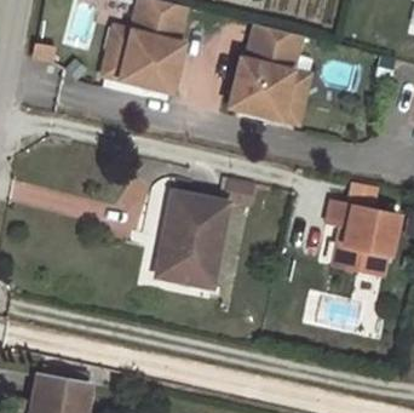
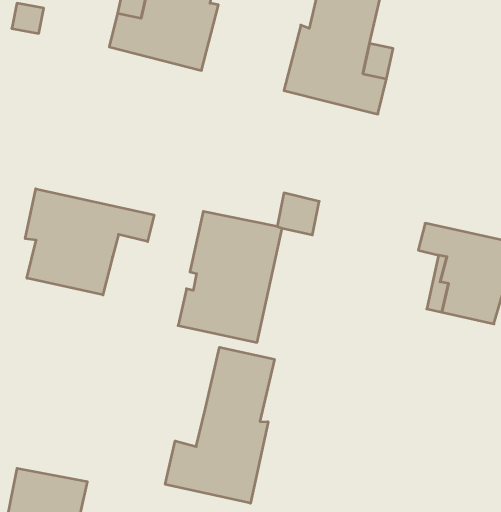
building: none -> [25,189,154,295]
building: none -> [165,347,274,503]

